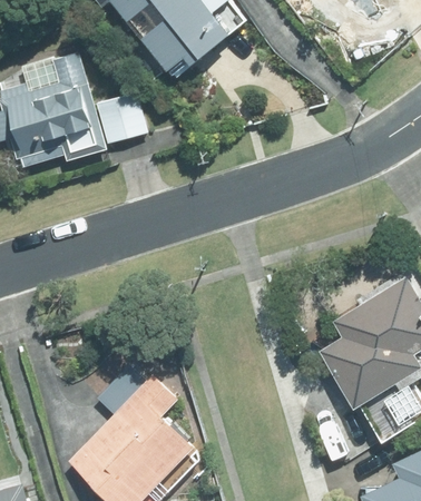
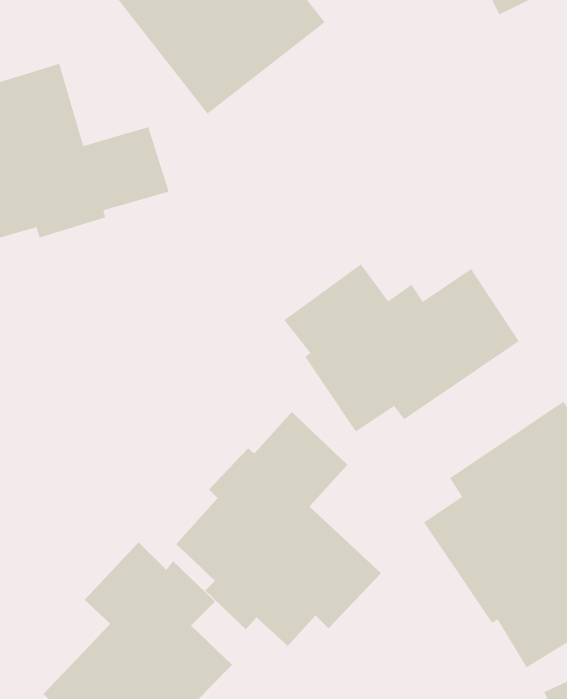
building: none -> [284,264,519,433]
building: none -> [176,411,382,647]

